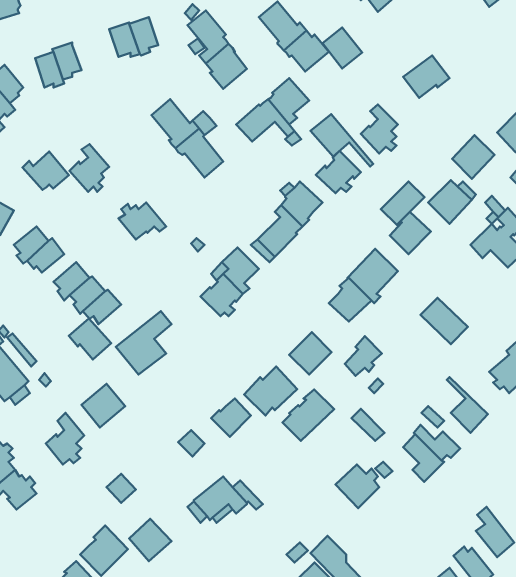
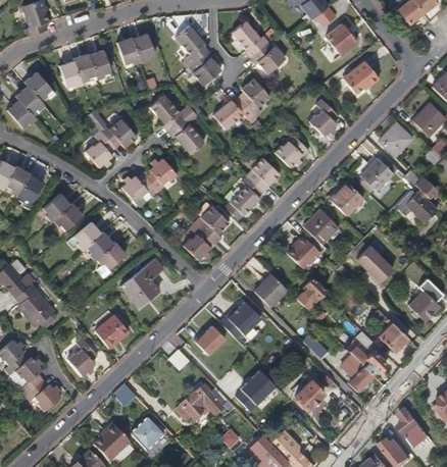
building: [322,27,362,68] -> [325,22,355,54]
building: none -> [87,48,112,79]
building: [311,114,373,166] -> none
building: [23,151,69,190] -> [100,117,136,147]
building: [381,182,425,225] -> none
building: none -> [144,159,178,197]
building: [69,319,111,359] -> none
building: [282,389,334,441] -> [235,370,275,410]

